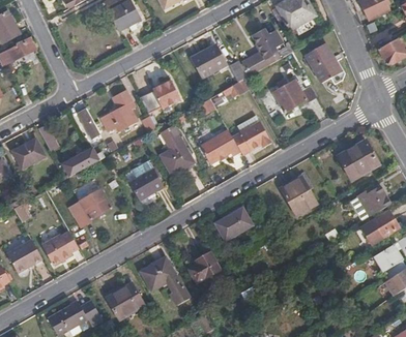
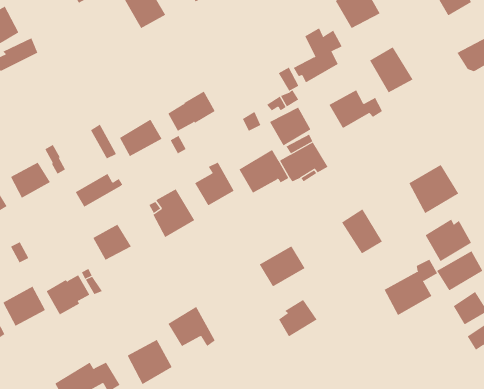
building: [192,45,226,78] -> [269,107,311,146]
building: none -> [384,259,438,316]
building: [191,252,223,283] -> [278,299,318,337]

